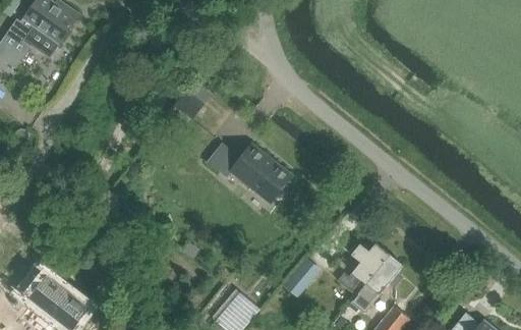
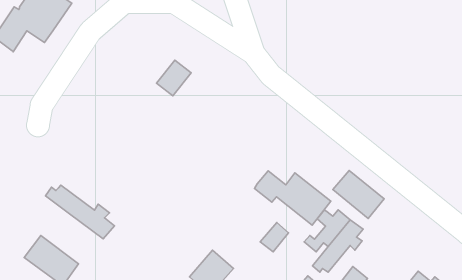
building: [207,144,291,204] -> [254,171,331,225]
building: none -> [333,171,384,219]
building: none -> [46,185,115,239]

